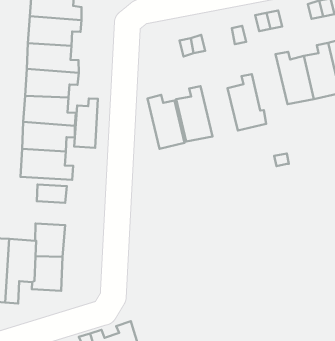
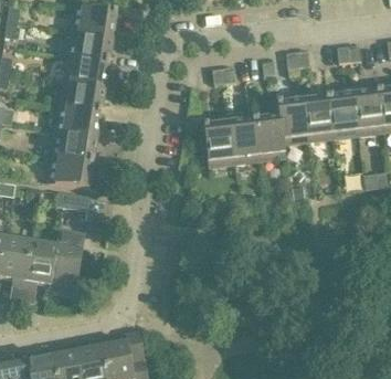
building: none -> [277,91,308,143]
building: [147,95,185,149] -> [228,112,258,162]
building: [74,99,98,148] -> none

